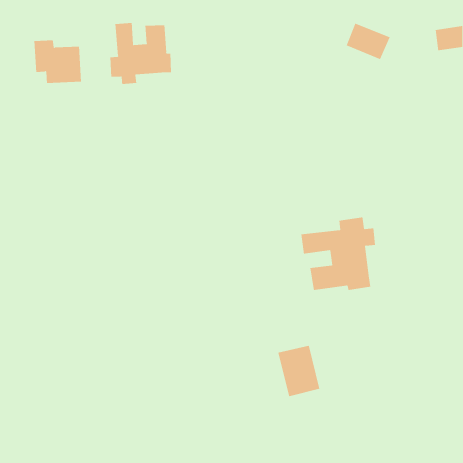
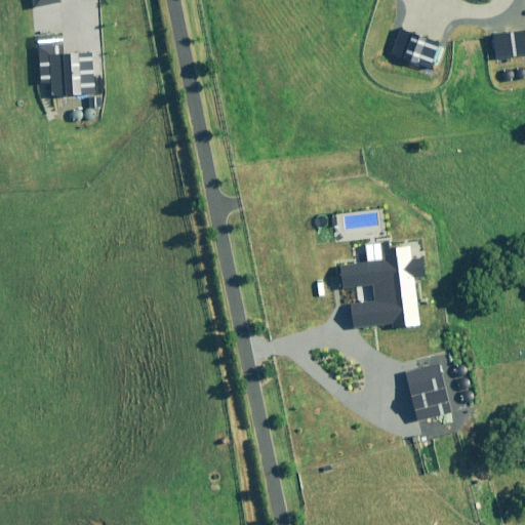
building: [110,22,172,85] -> none
building: [278,345,320,397] -> [405,365,453,423]

